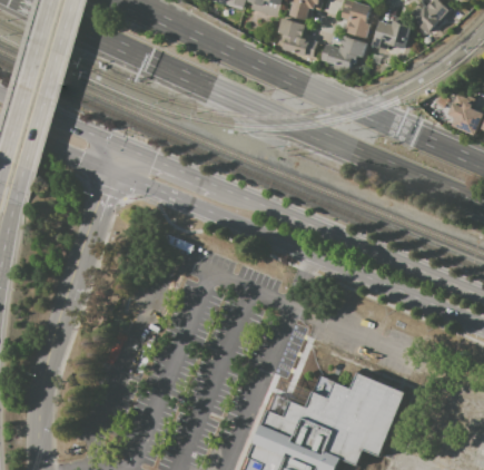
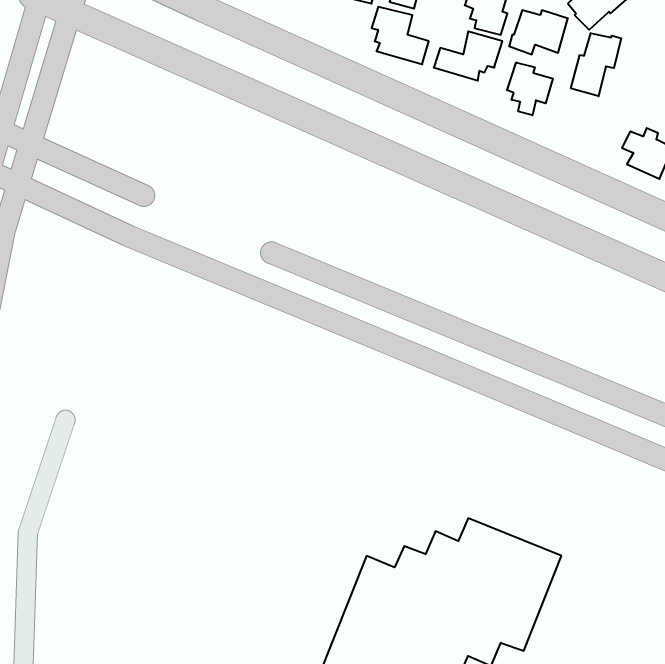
building: none -> [571,33,621,96]
building: none -> [507,62,553,115]

